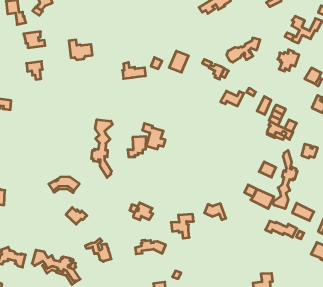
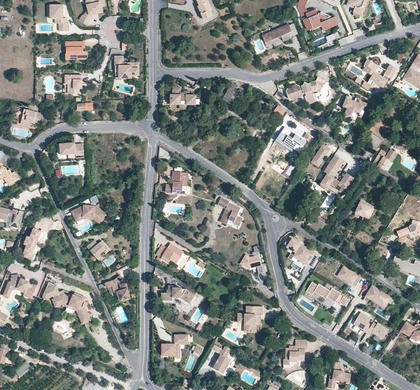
building: [91,120,112,178] -> none
building: none -> [57,141,84,157]
building: [142,123,165,149] -> [217,197,241,227]
building: [273,150,297,209] -> none
building: none -> [22,227,48,260]
building: [171,214,194,238] -> [236,305,261,331]

